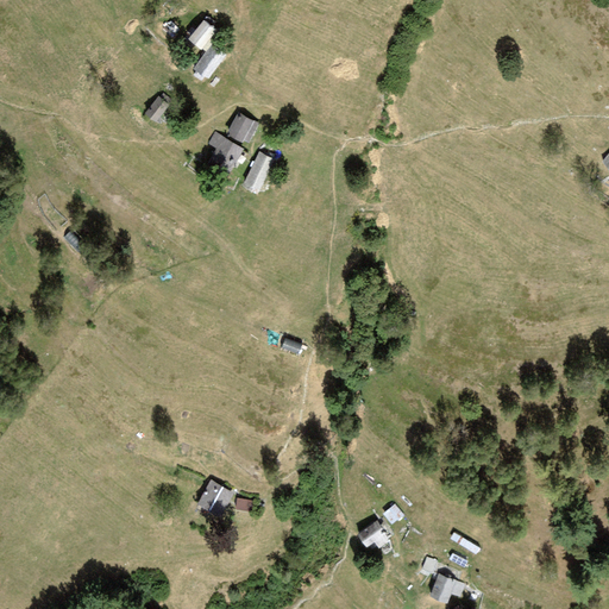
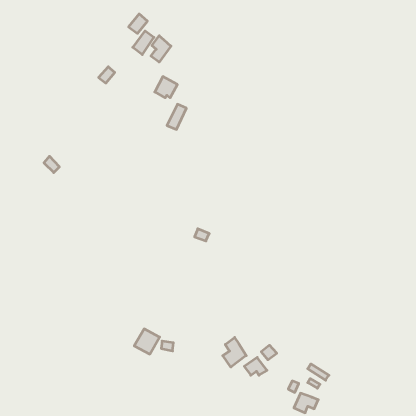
building: none -> [151,36,171,62]
building: [208,132,244,172] -> none
building: none -> [223,337,246,367]

